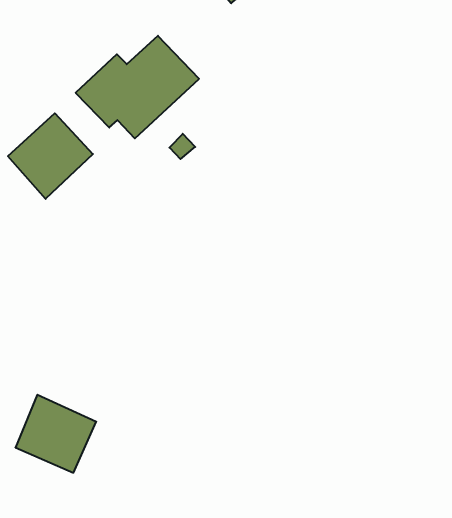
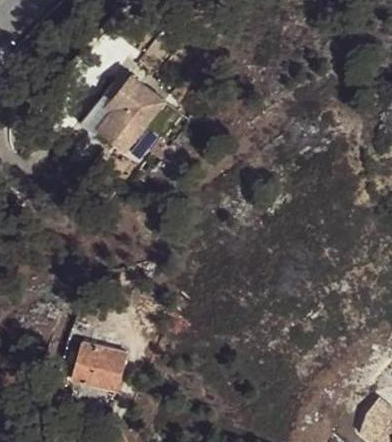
building: [8,113,93,199] -> none

